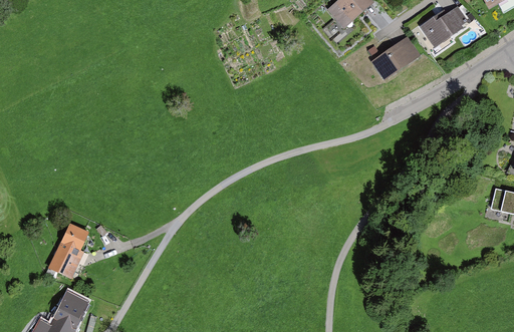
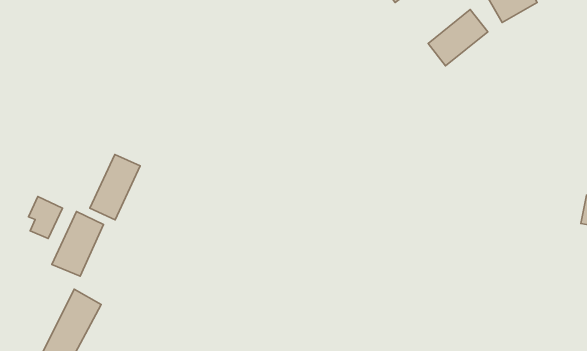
building: none -> [90,154,140,220]
building: none -> [29,197,62,239]

